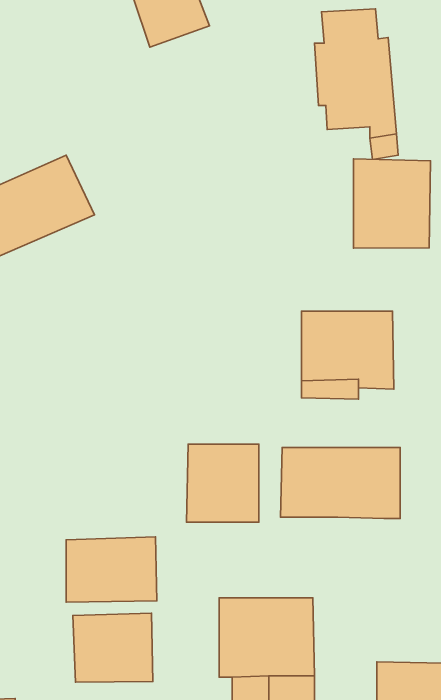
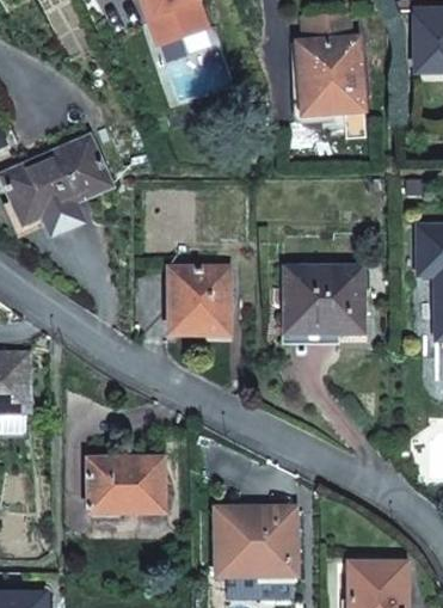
building: [354,159,431,248] -> none
building: [187,444,259,522] -> [168,266,229,332]
building: [280,447,400,518] -> none
building: [73,613,153,682] -> none

